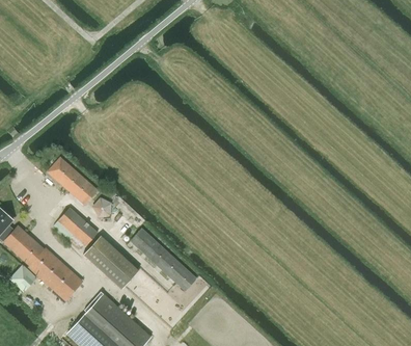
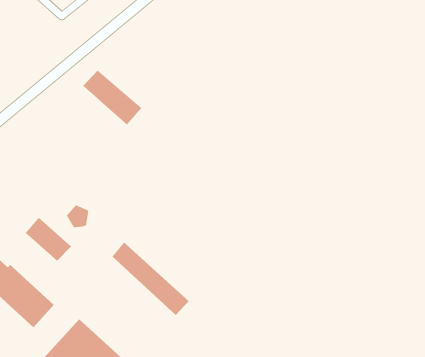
building: [48,158,98,205] -> [83,70,142,125]
building: [85,236,140,288] -> none

